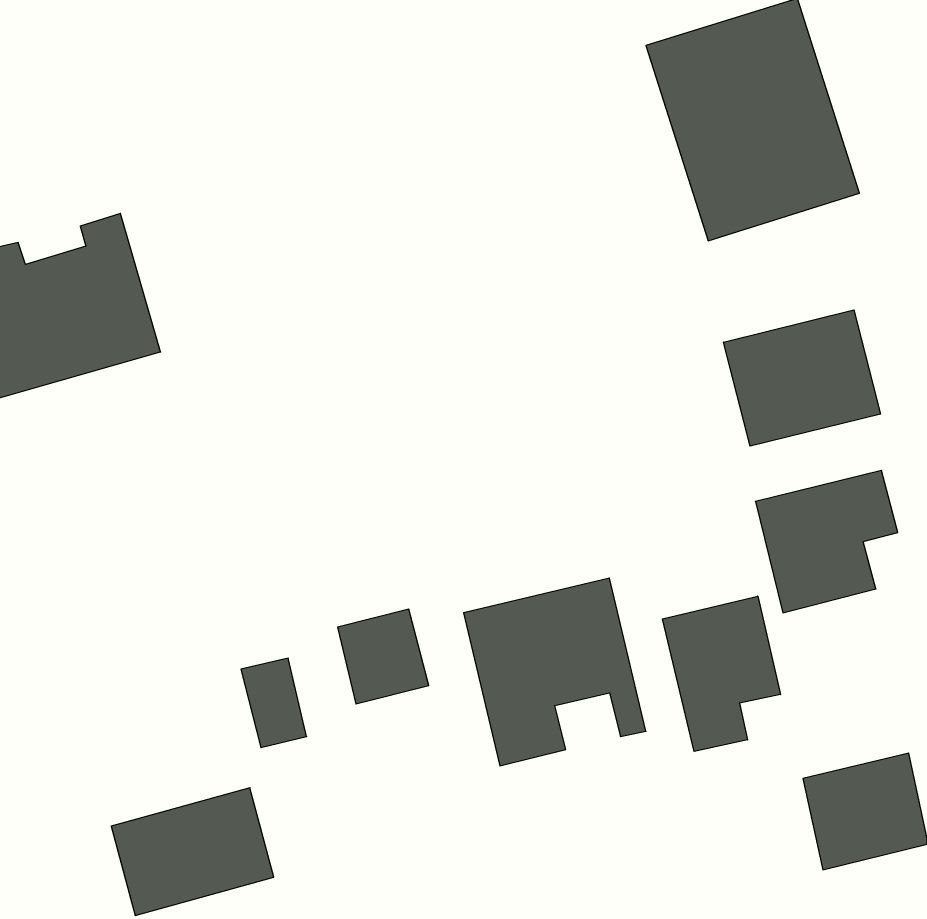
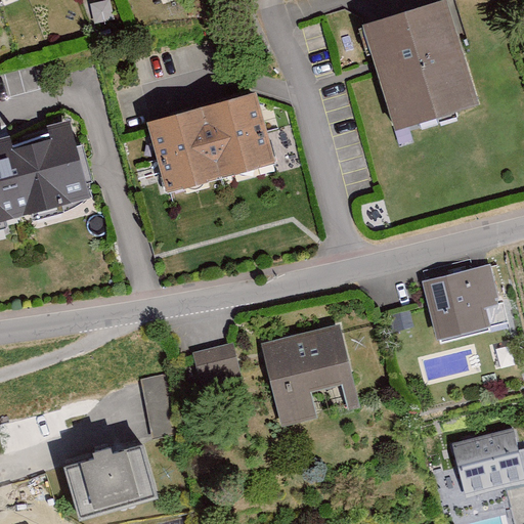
building: none -> [147,92,274,193]
building: [724,310,881,446] -> none
building: [662,596,780,751] -> none

